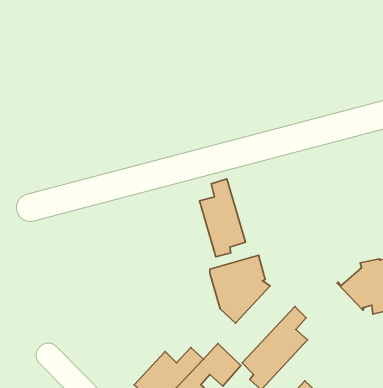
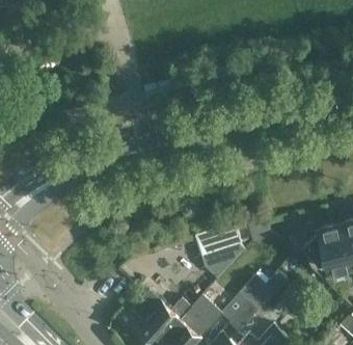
building: [200,179,246,257] -> none

